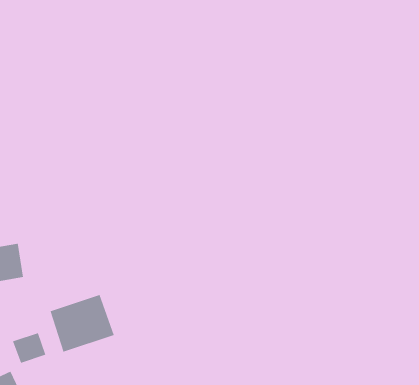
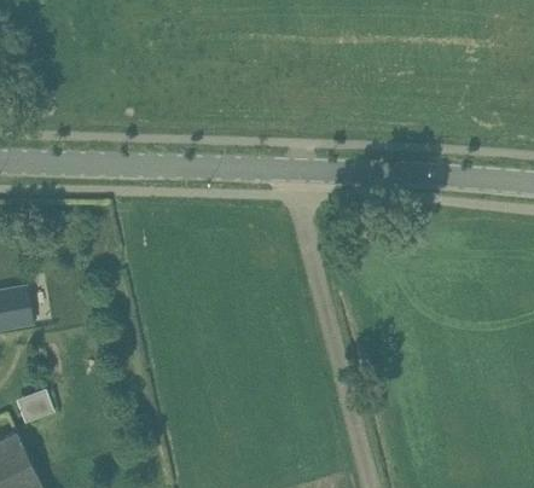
building: [50,294,114,353] -> none

